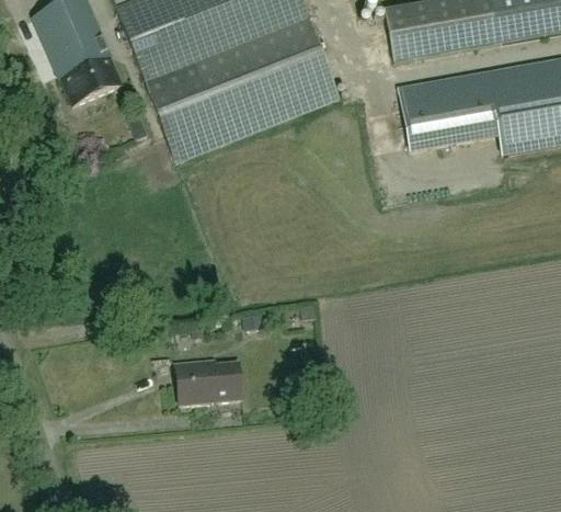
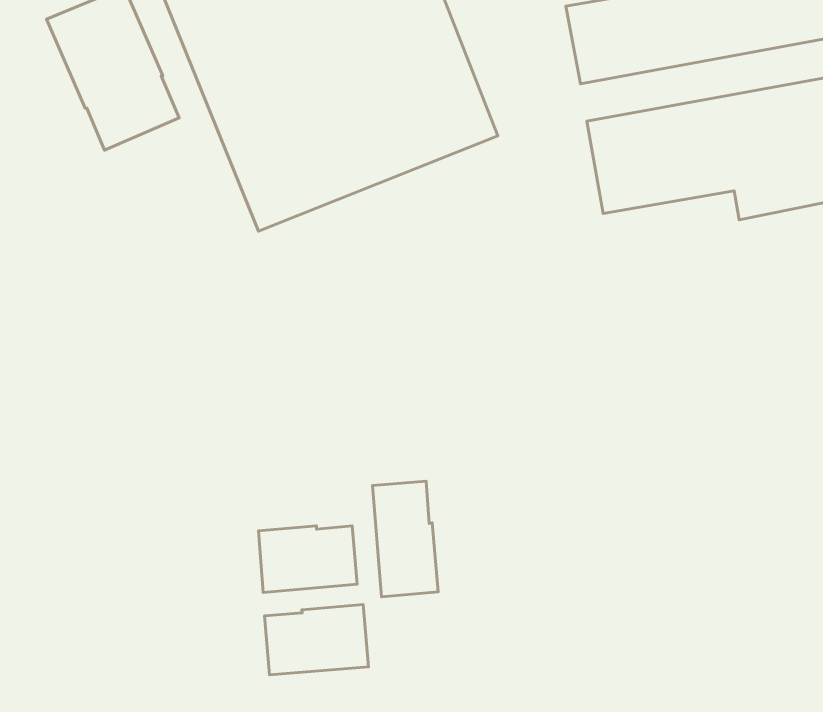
building: none -> [373,481,438,597]
building: none -> [265,605,369,675]

